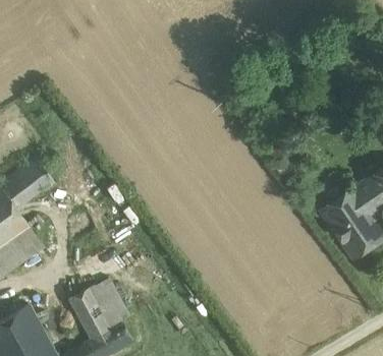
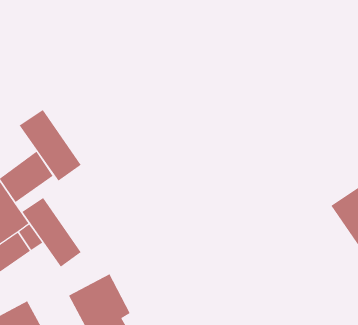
building: none -> [19,109,82,182]
building: none -> [21,197,81,267]

